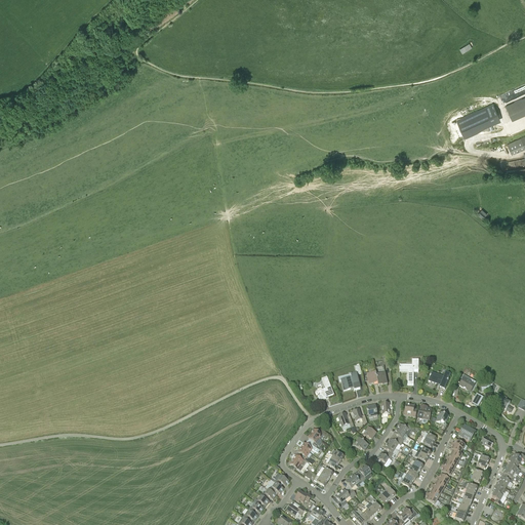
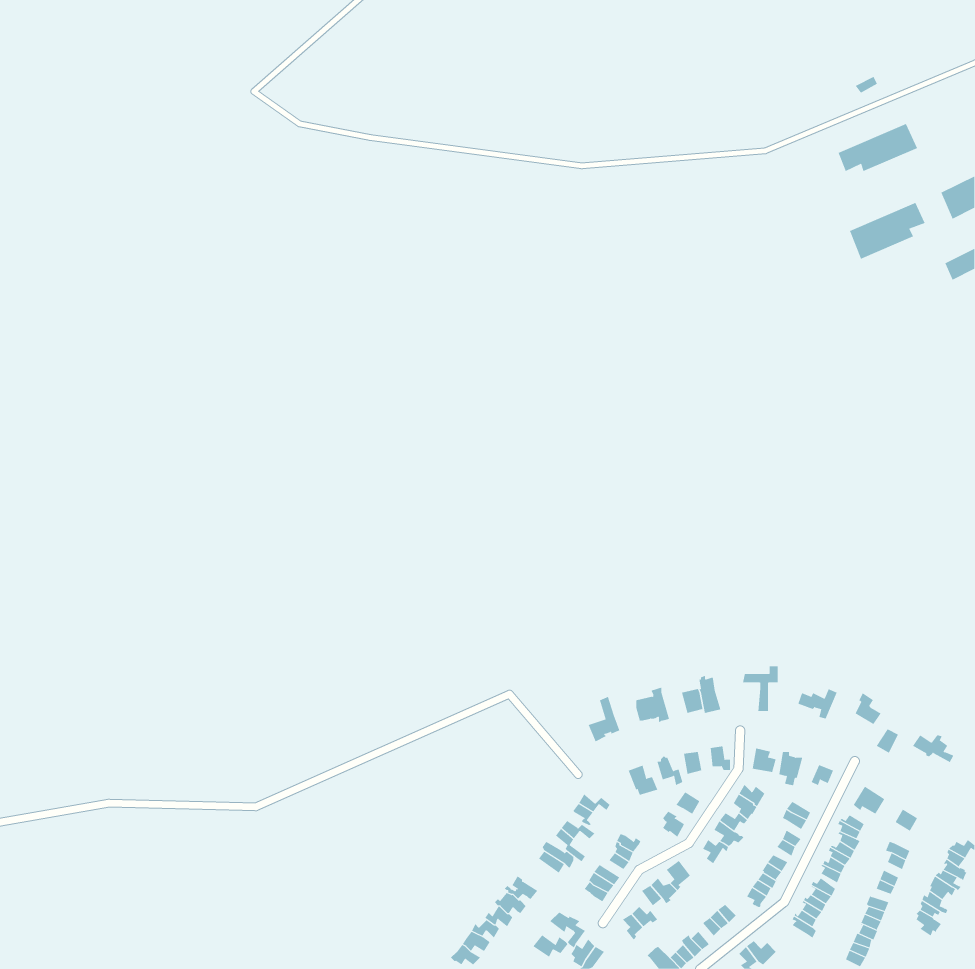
building: none -> [838,123,918,172]

